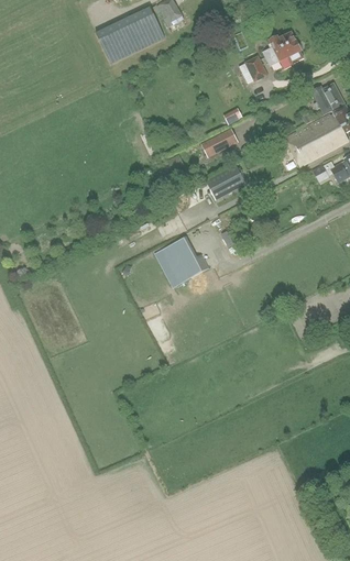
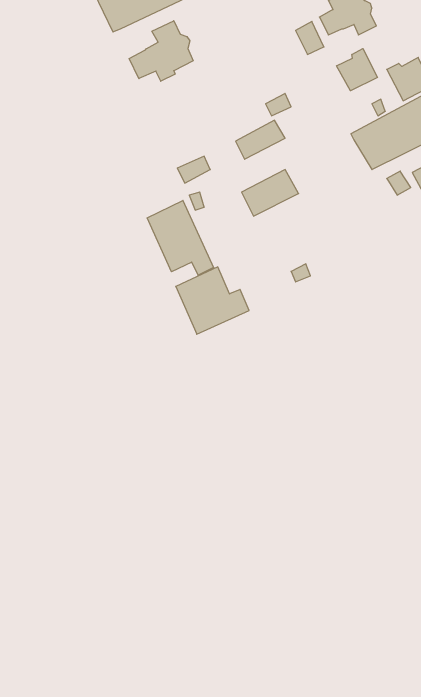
building: none -> [129,21,193,81]
building: none -> [337,49,377,91]
building: none -> [147,200,213,275]

